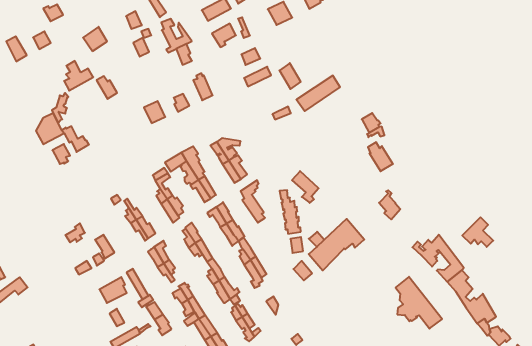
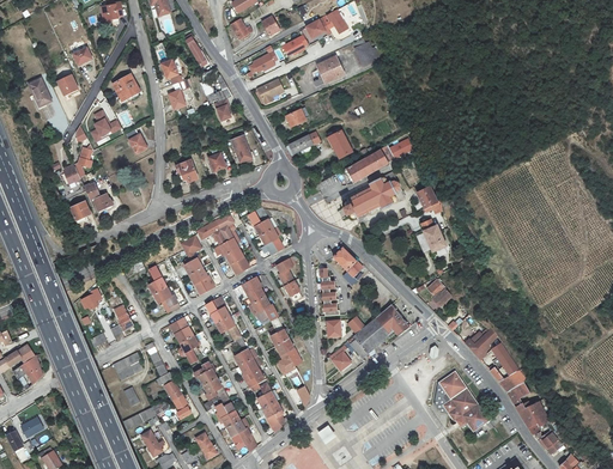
building: none -> [342,170,405,220]
building: [462,217,493,247] -> none
building: none -> [13,355,41,391]

